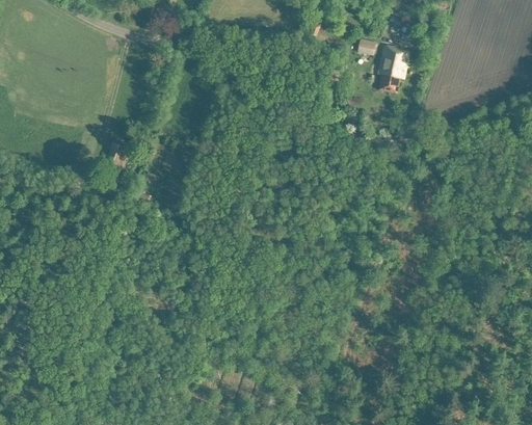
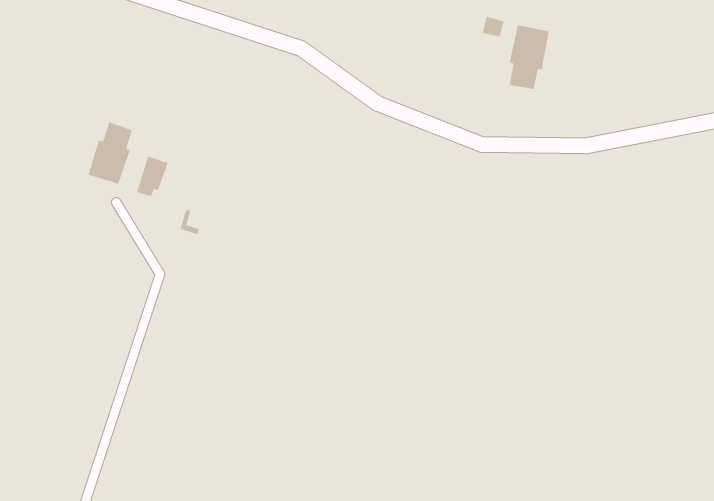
building: none -> [88,121,132,185]

